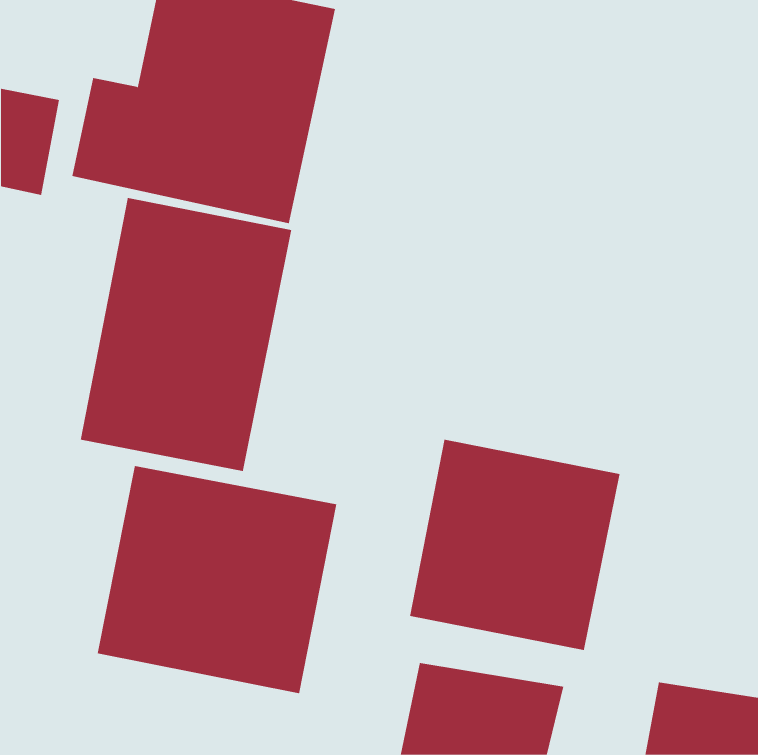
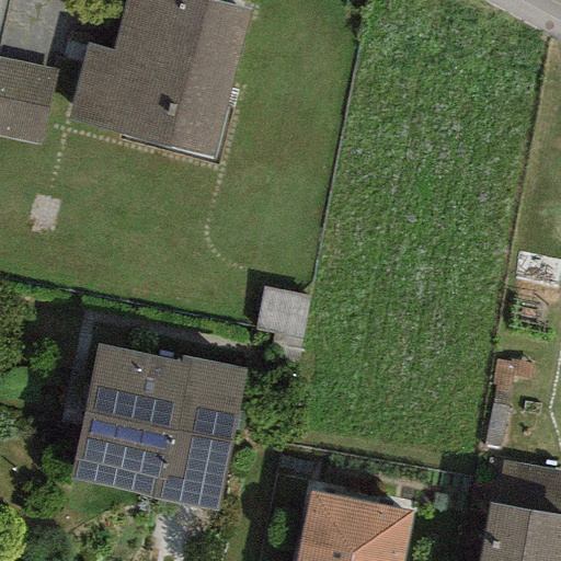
building: [80,197,292,472] -> none
building: [410,439,620,651] -> none

